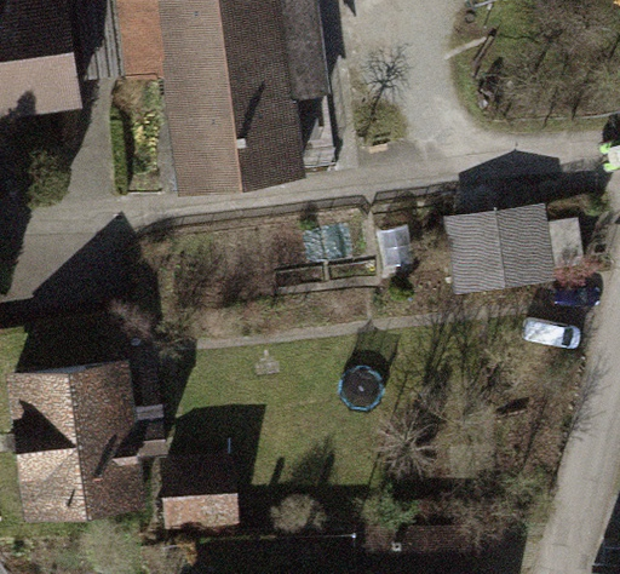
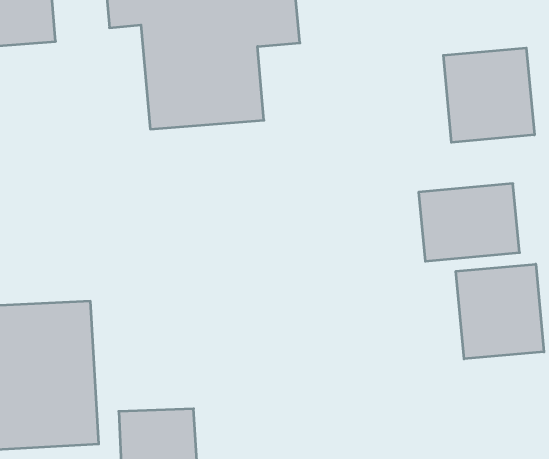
building: none -> [443,48,534,142]
building: none -> [456,264,544,359]

